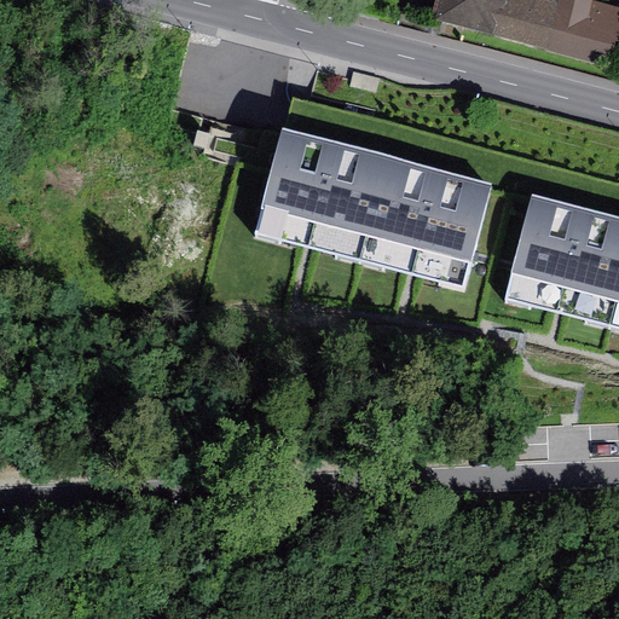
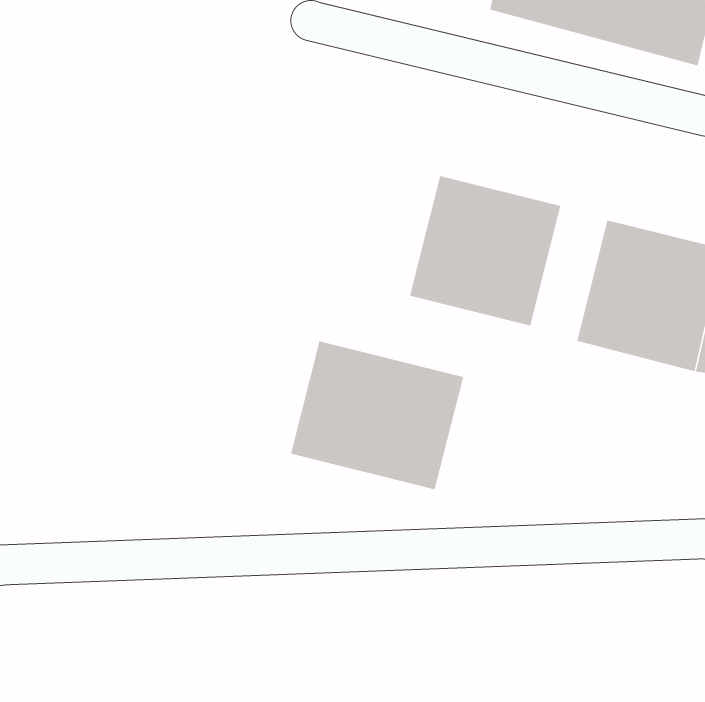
building: [254,127,386,259] -> none
building: none -> [290,340,464,490]

